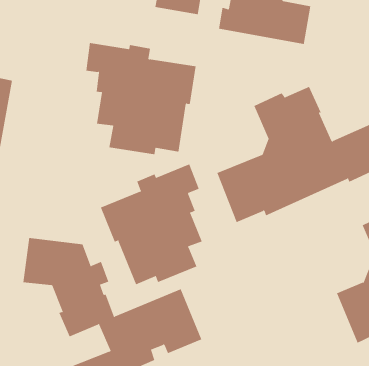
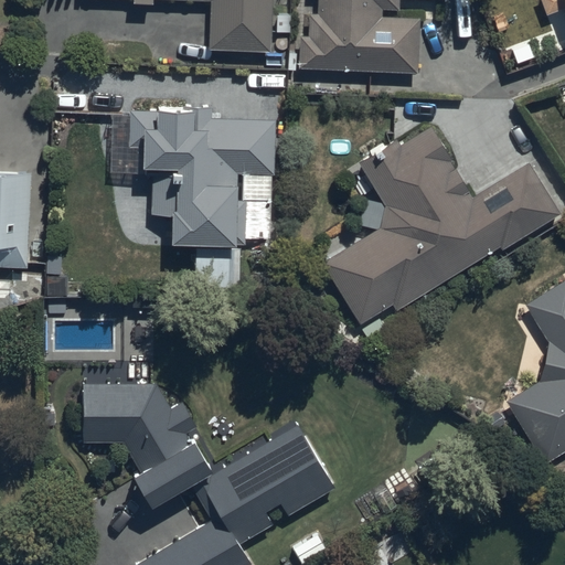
building: [100,163,203,285] -> none

